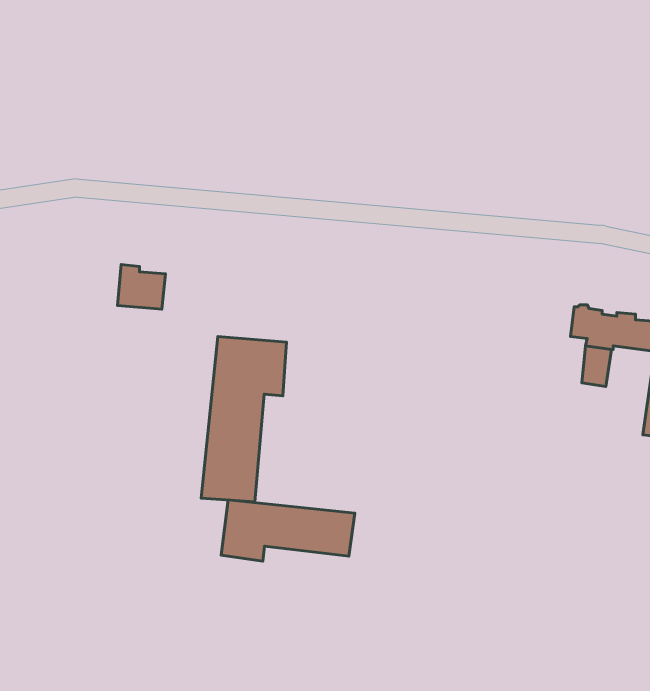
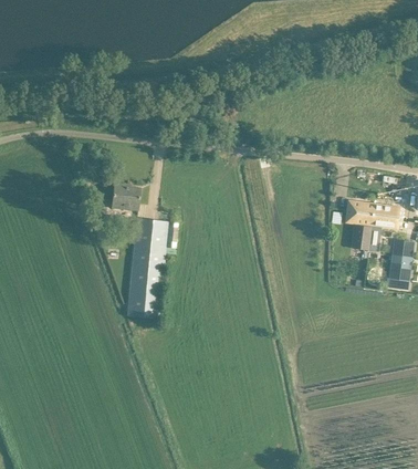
building: [117,265,166,309] -> [112,183,140,209]
building: [221,500,355,561] -> none

